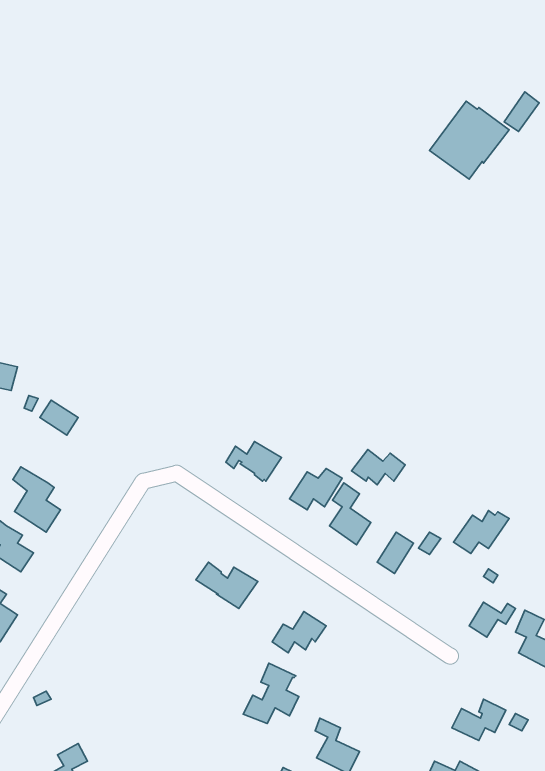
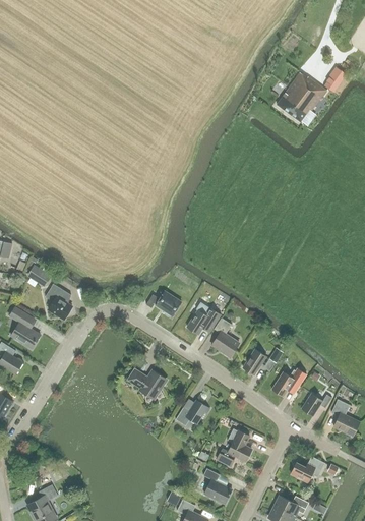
building: none -> [45,283,71,319]
building: [352,450,405,485] -> none
building: [453,510,509,553] -> [270,368,306,396]
building: [243,663,299,724] -> [216,427,251,466]

